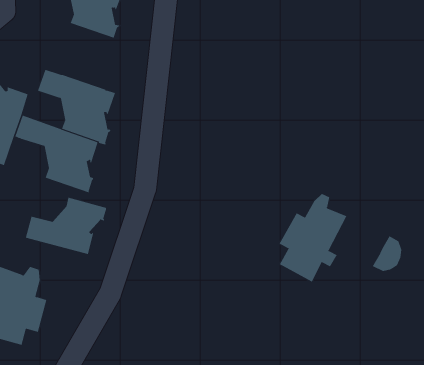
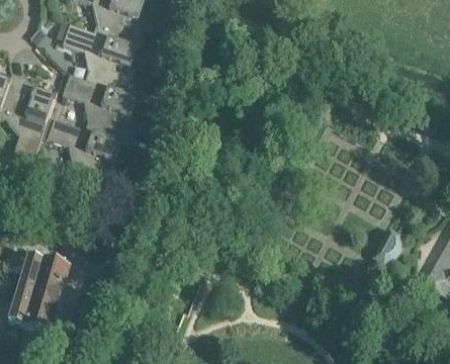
building: none -> [57,18,134,90]
building: [279,193,347,283] -> none
building: [25,197,107,255] -> none

